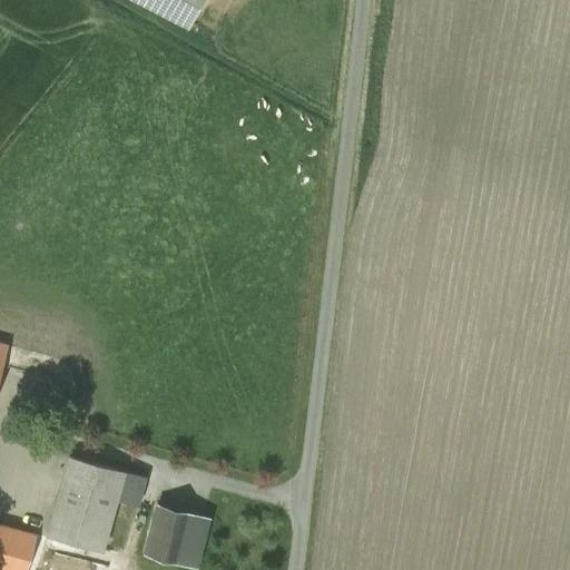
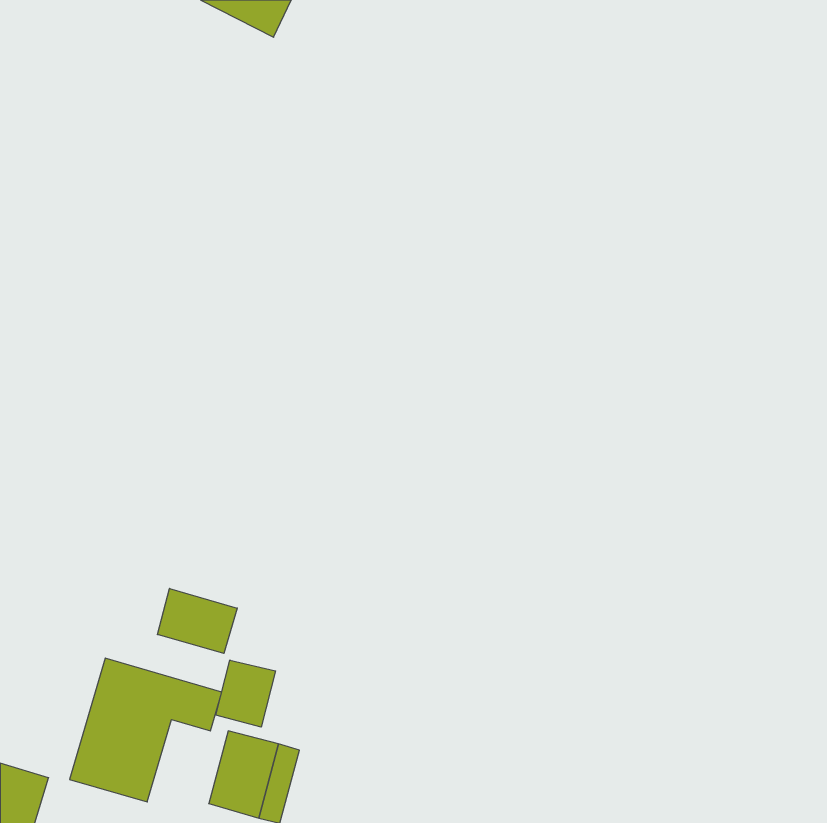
building: none -> [157,588,237,653]
building: none -> [216,660,276,727]

